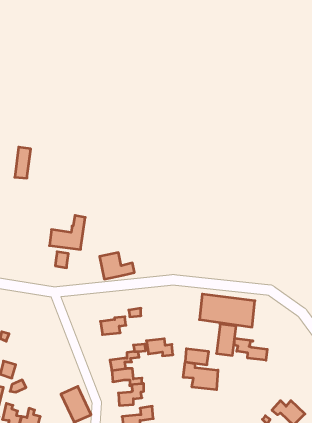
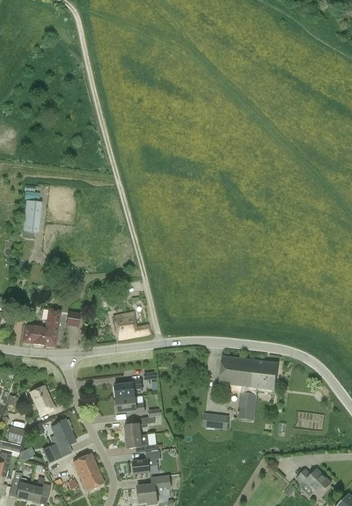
building: [49,215,85,249] -> [22,309,60,345]
building: none -> [30,385,55,413]
building: [234,338,267,360] -> none
building: [146,339,173,356] -> [116,396,144,414]
building: none -> [43,418,76,462]
building: [183,362,218,390] -> none

